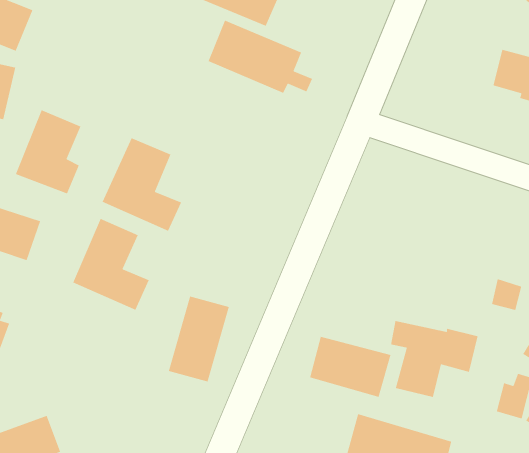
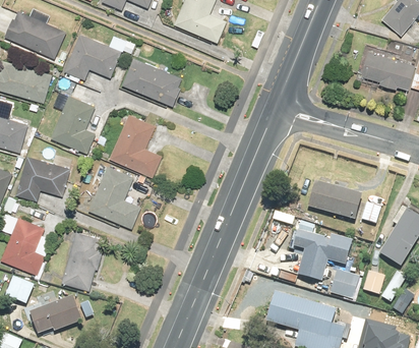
building: none -> [63,33,133,77]
building: [208,19,313,94] -> [121,56,190,105]
building: [168,296,230,382] -> [61,231,102,288]
building: [309,336,392,398] -> [311,182,365,223]
building: none -> [335,273,362,297]

